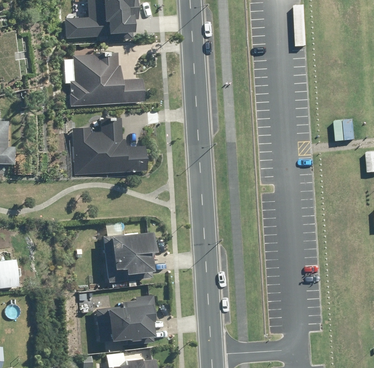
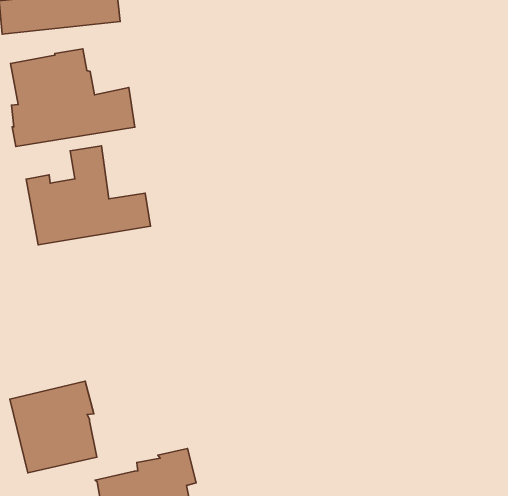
building: [101,232,150,283] -> [10,381,97,473]

